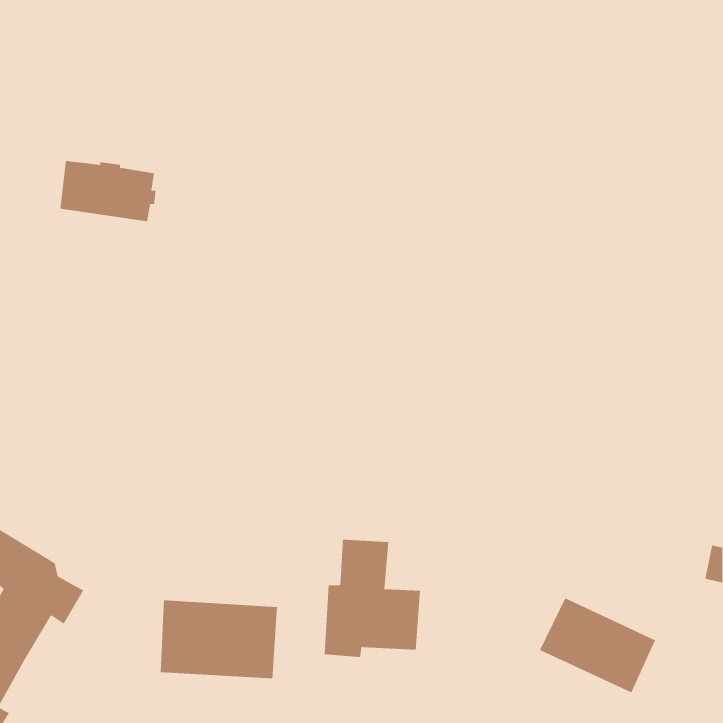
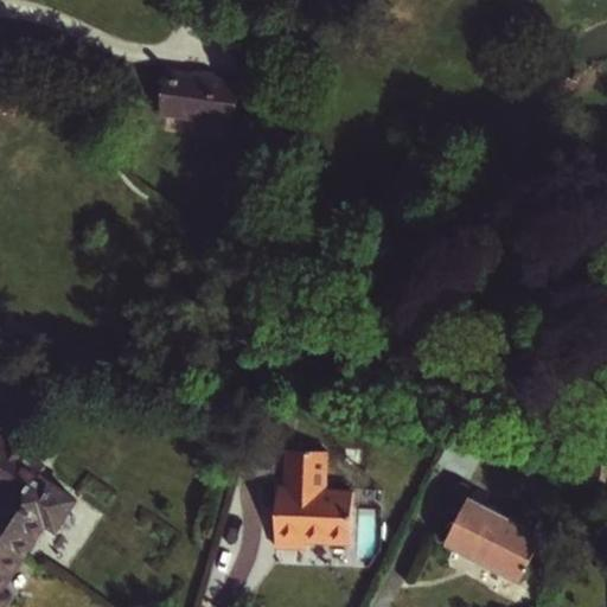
building: [59,160,156,222] -> [158,78,238,129]
building: [160,599,277,679] -> none

